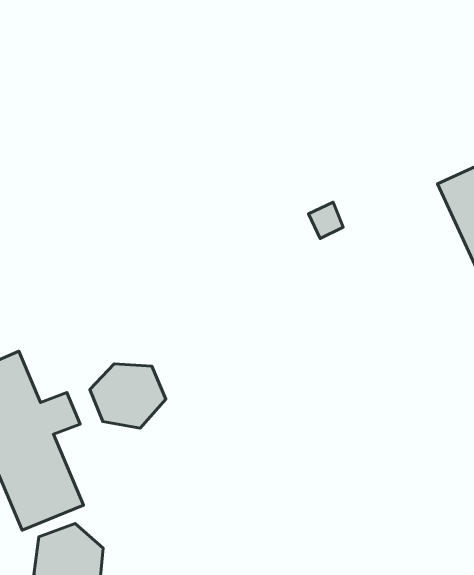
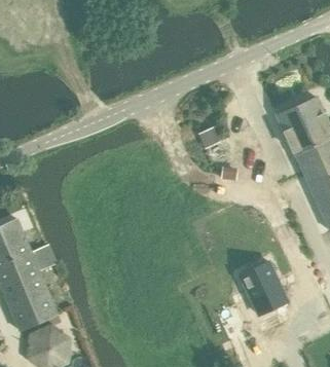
building: [90,364,166,428] -> none
building: none -> [240,261,287,315]

